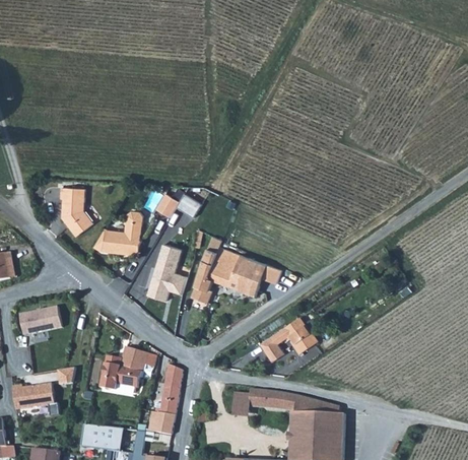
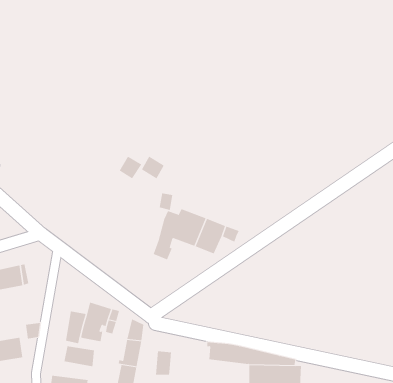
building: [59,188,91,237] -> none
building: [93,212,142,256] -> none
building: [145,245,185,303] -> none
building: [259,316,318,360] -> none
building: none -> [64,346,95,367]
building: [231,392,249,417] -> [155,351,172,375]

